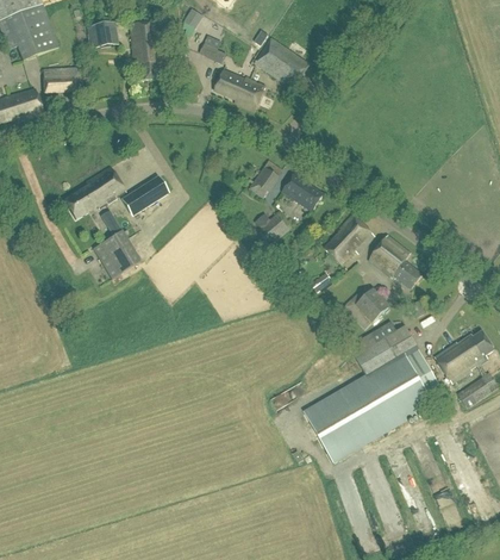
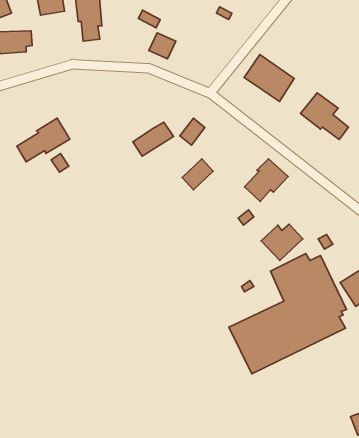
building: [254,37,311,91] -> [244,55,294,101]
building: [235,77,264,111] -> none
building: [283,170,323,210] -> none
building: [120,176,167,216] -> [133,122,173,156]
building: [93,230,140,278] -> none
building: [367,234,421,287] -> [301,93,348,140]

